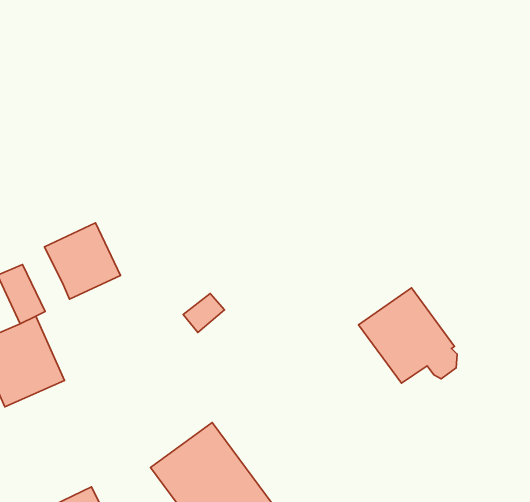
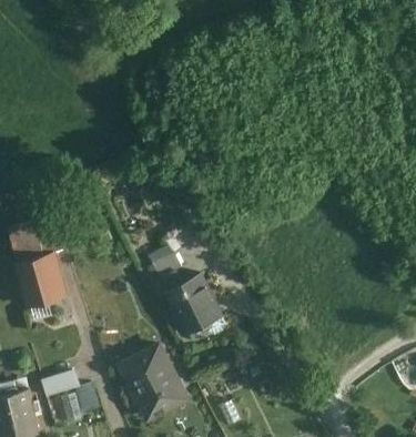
building: [45,223,121,299] -> none
building: [359,288,457,383] -> [164,272,226,335]

